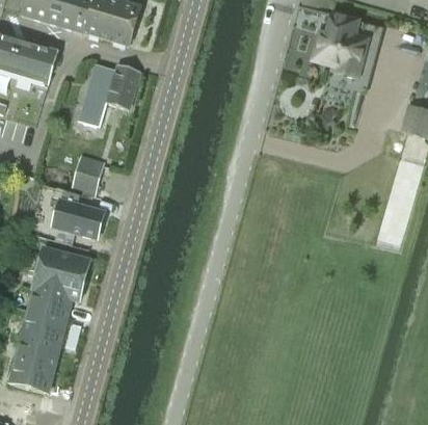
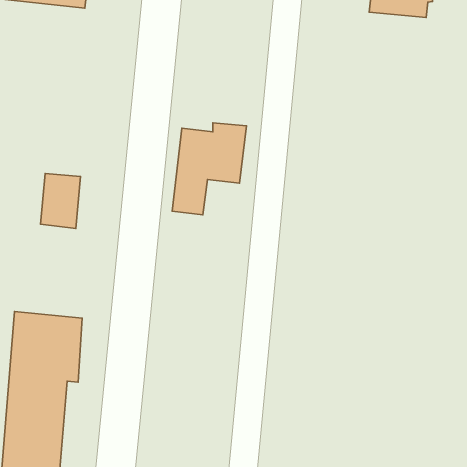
building: [78,63,139,126] -> [172,123,246,215]
building: [51,189,103,238] -> none

